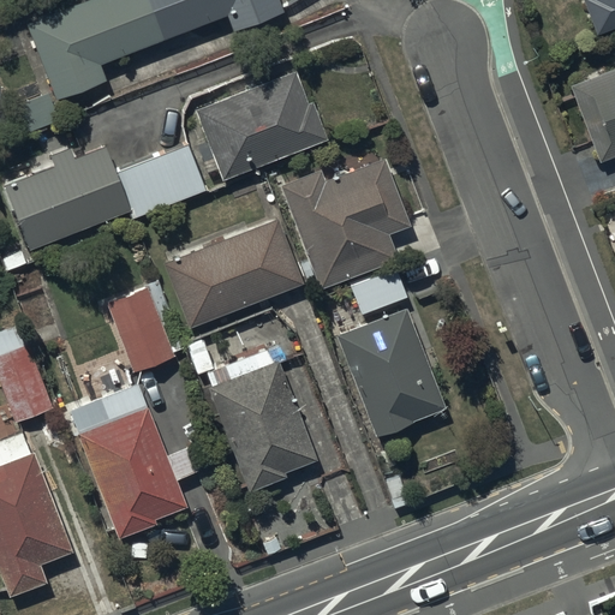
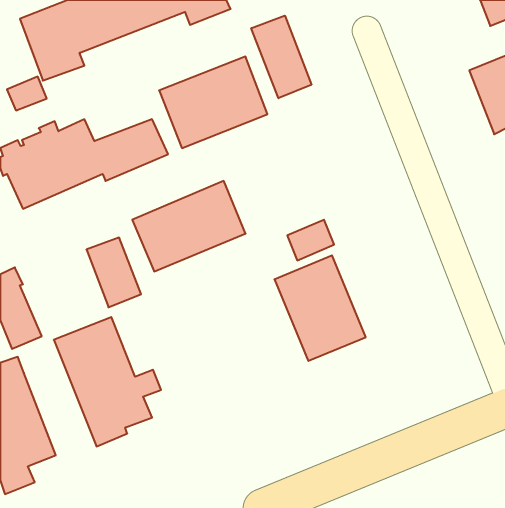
building: none -> [251,16,311,98]
building: [282,159,412,287] -> none
building: [208,347,316,490] -> none

